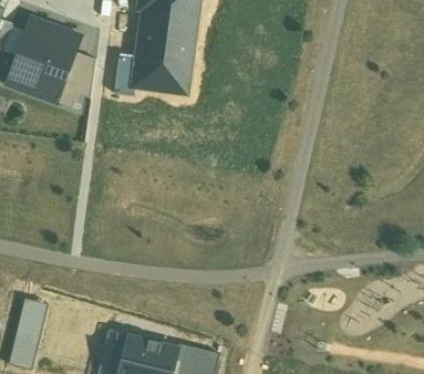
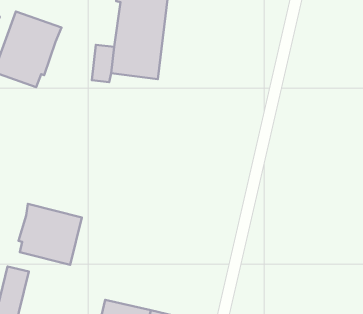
building: [53,52,95,108] -> none
building: none -> [19,204,82,265]

